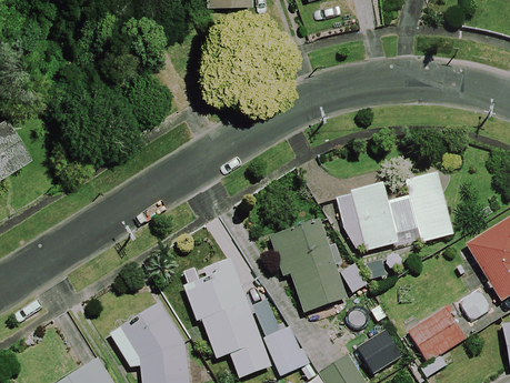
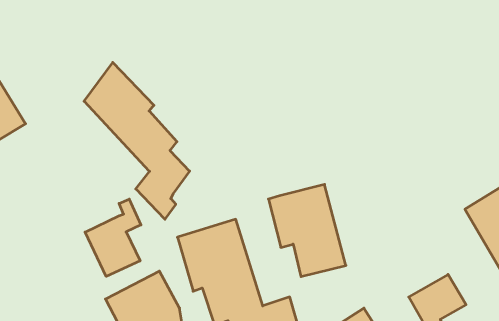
building: none -> [84,62,190,219]
building: [337,170,453,252] -> none
building: none -> [85,199,141,276]

